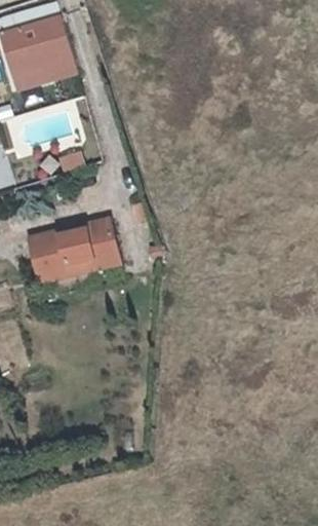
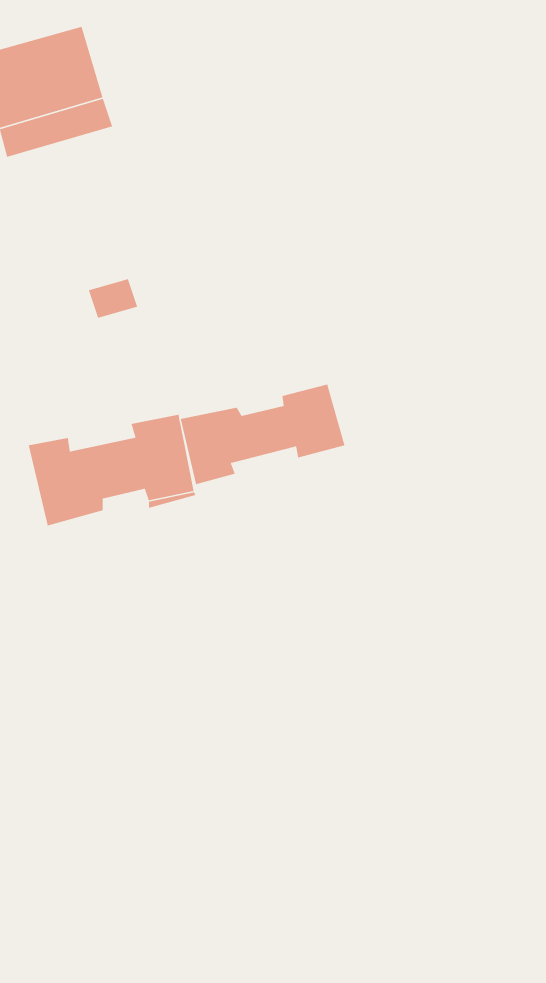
building: none -> [180,383,345,485]

